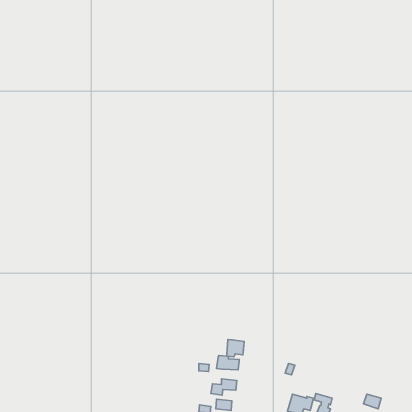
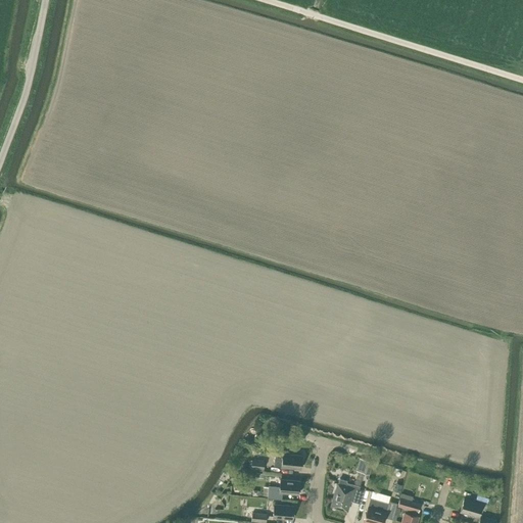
building: [227,340,244,357] -> none
building: none -> [332,479,366,512]

